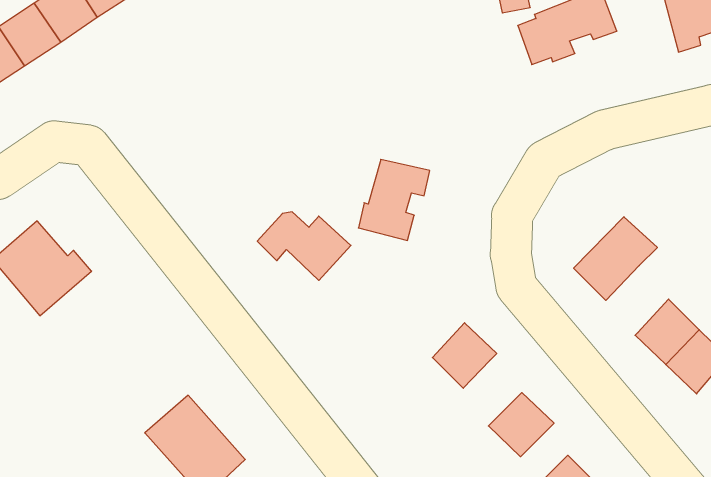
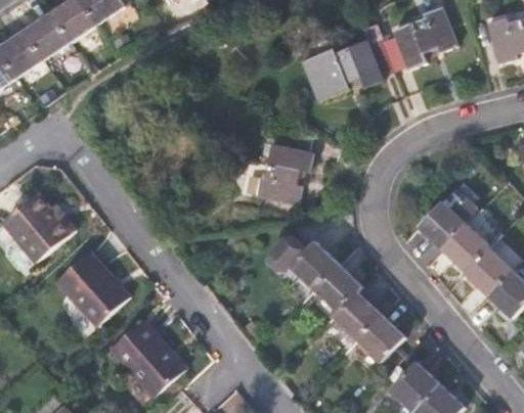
building: none -> [303,47,390,102]
building: [257,212,351,280] -> [272,240,341,290]
building: none -> [444,223,492,272]
building: none -> [51,248,125,323]
building: none -> [335,292,383,340]

